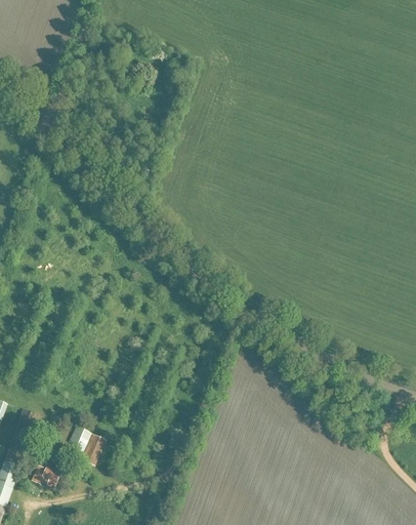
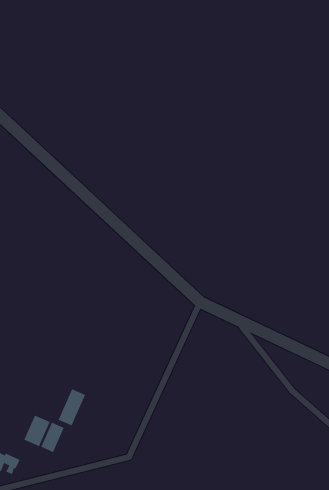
building: none -> [58,389,86,426]

